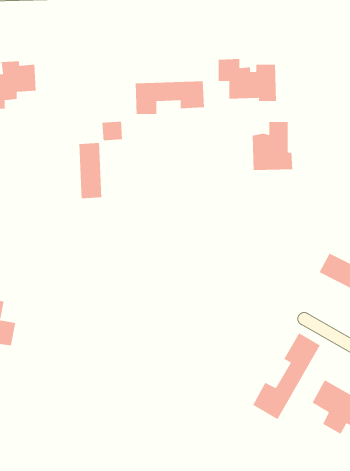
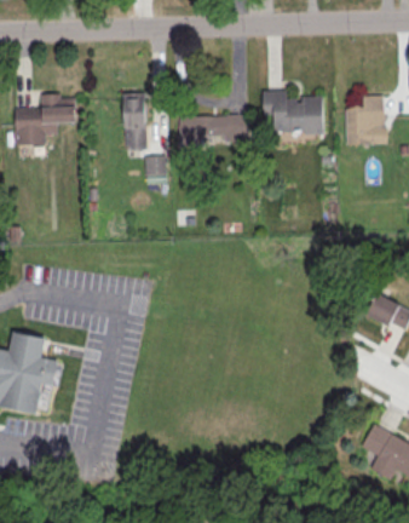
building: [252,121,293,171] -> [345,96,387,146]
building: [79,142,102,199] -> [122,93,146,151]
building: [252,332,321,420] -> none

